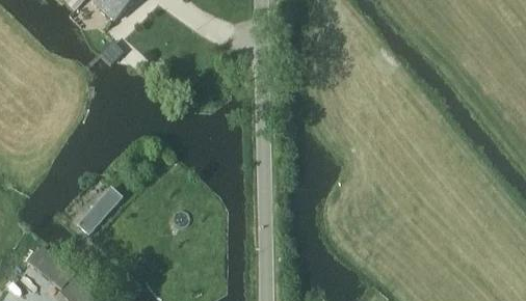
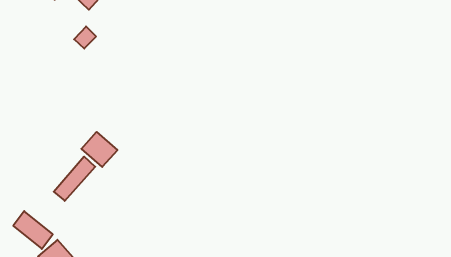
building: none -> [81,132,117,167]

